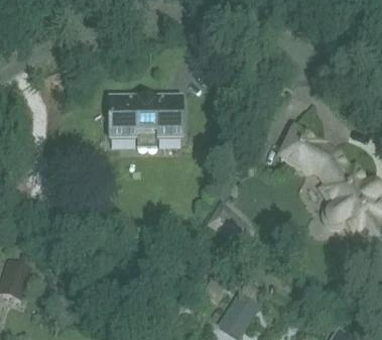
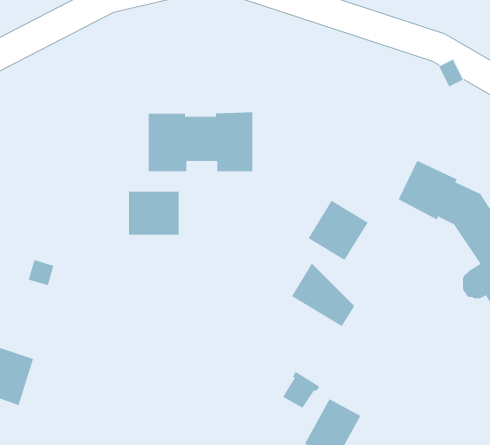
building: none -> [128,191,179,235]
building: none -> [308,200,368,261]

